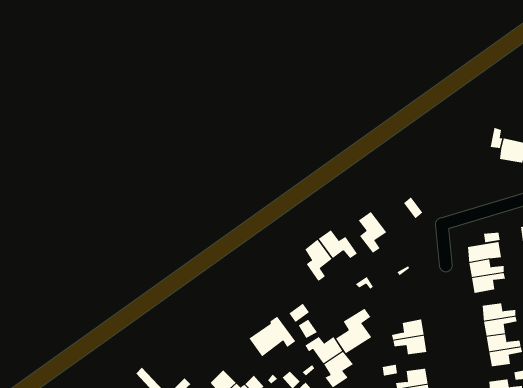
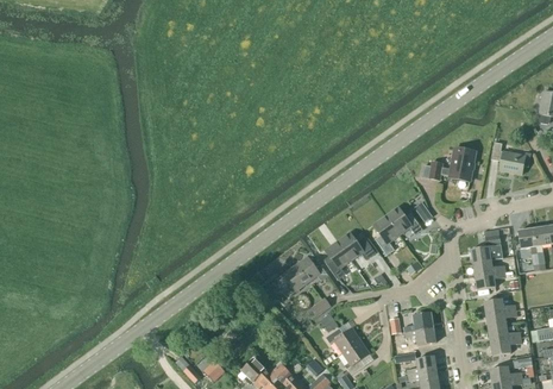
building: none -> [428,148,475,180]
building: none -> [385,207,422,236]
building: [335,308,372,354] -> none
building: [248,316,296,357] -> [285,252,328,289]

